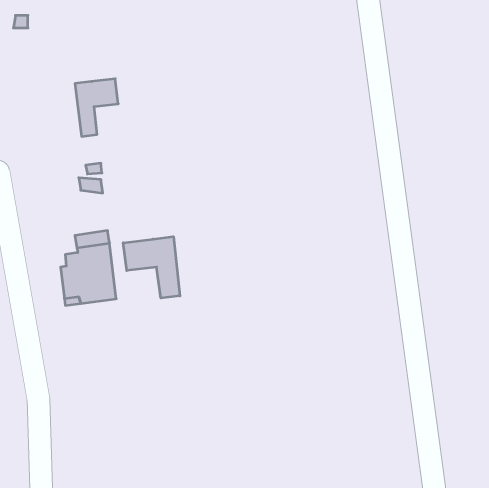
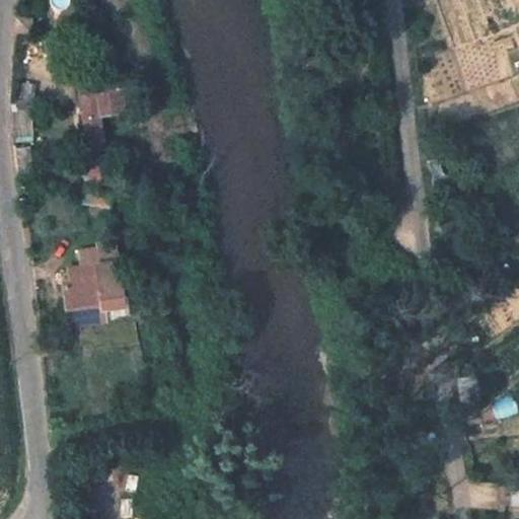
building: [123,237,180,298] -> none

